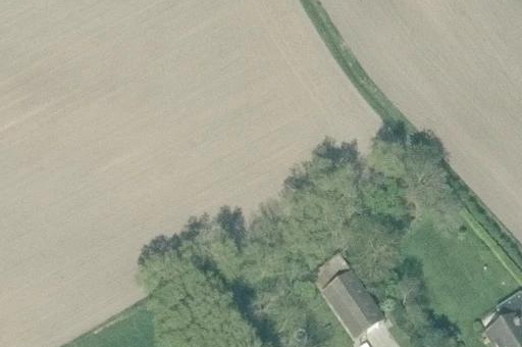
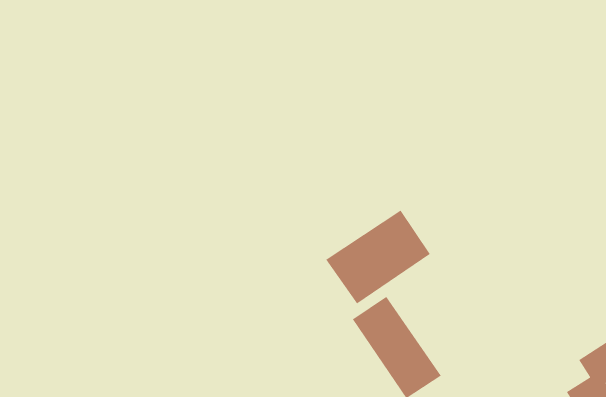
building: none -> [325,210,431,305]

